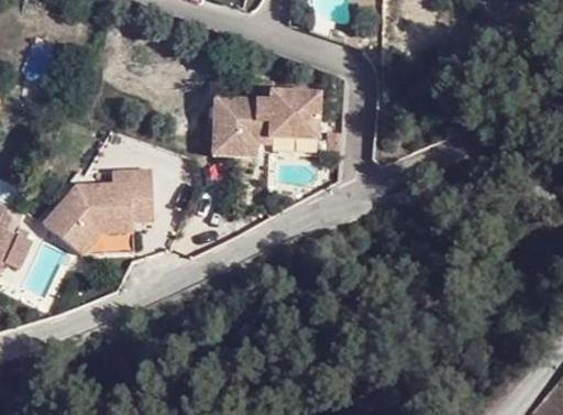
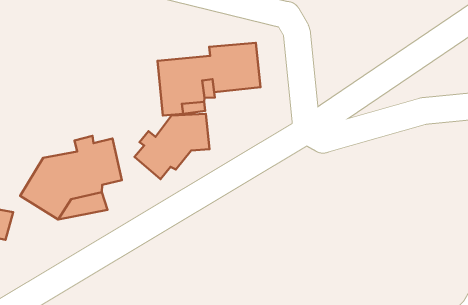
building: none -> [135,114,210,179]

